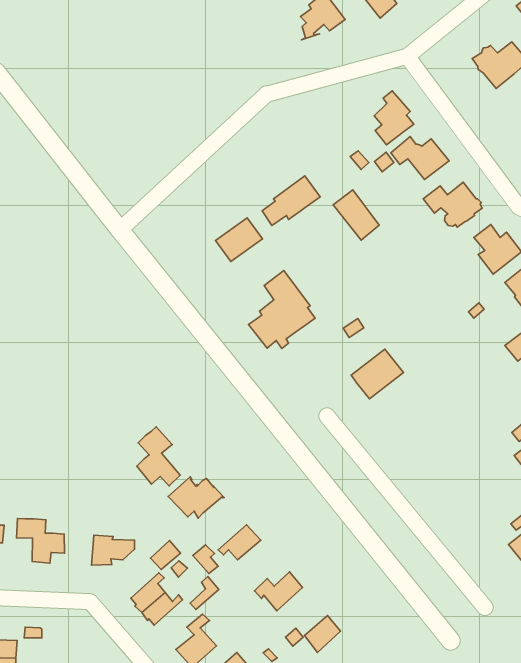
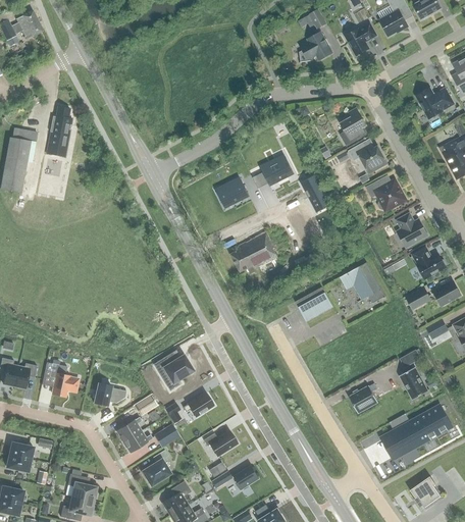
building: none -> [340,262,385,303]
building: [137,427,180,486] -> none
building: none -> [348,385,377,413]

